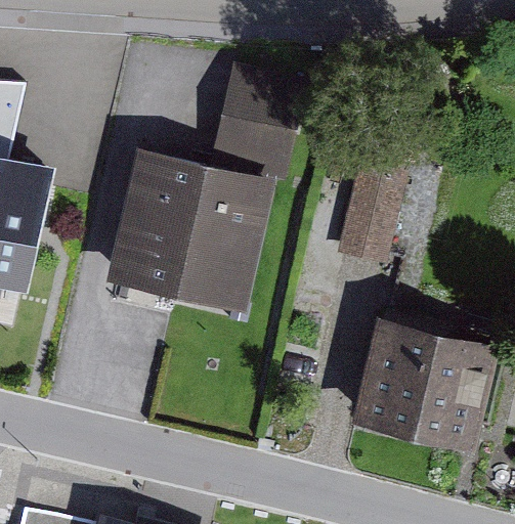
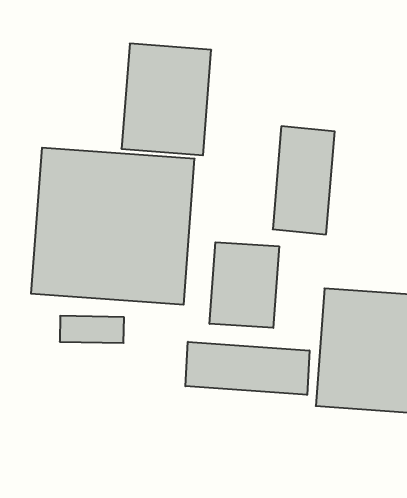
building: none -> [210,242,279,328]
building: none -> [185,342,309,395]

